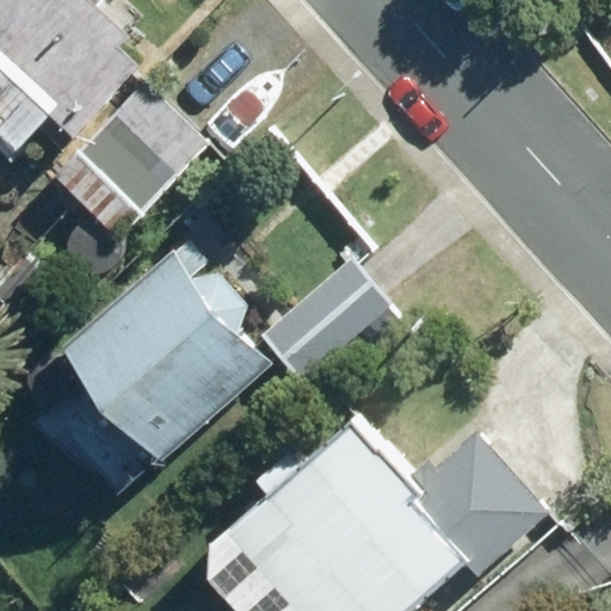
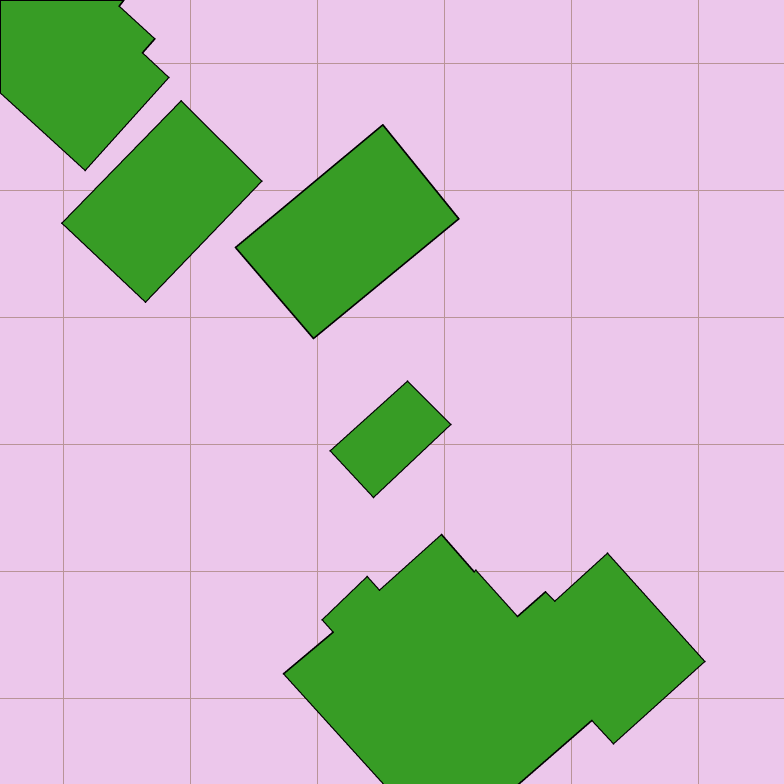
building: none -> [236,125,459,338]
building: [57,252,267,462] -> none

